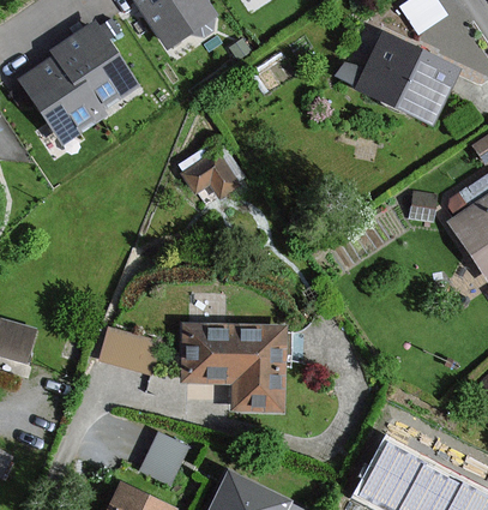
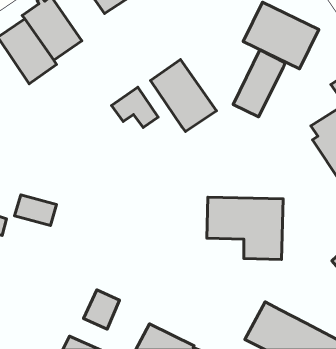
building: none -> [233,50,285,117]
building: none -> [151,60,216,131]
building: [182,324,287,409] -> [207,197,283,259]
building: [97,325,155,367] -> [15,195,57,225]

